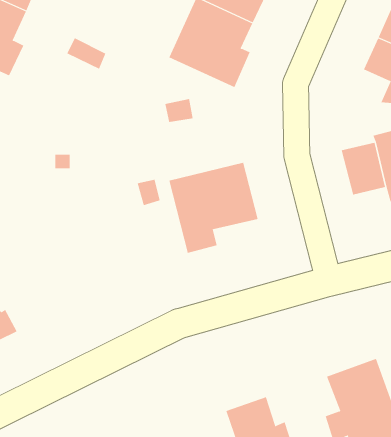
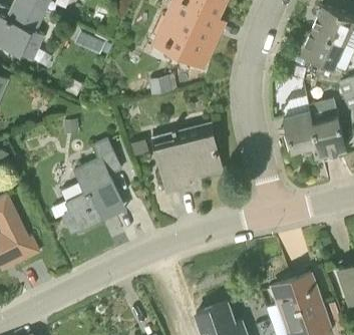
building: none -> [61,137,124,238]

